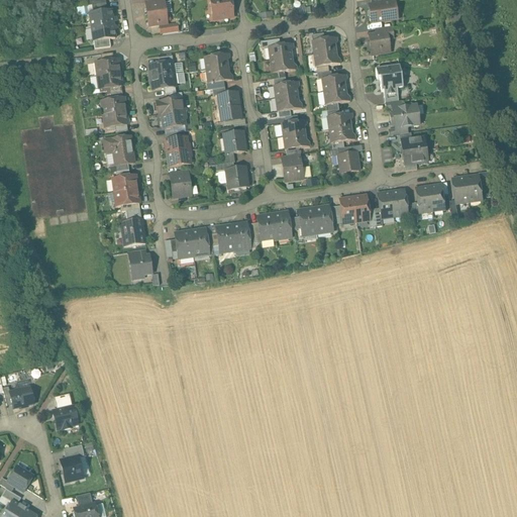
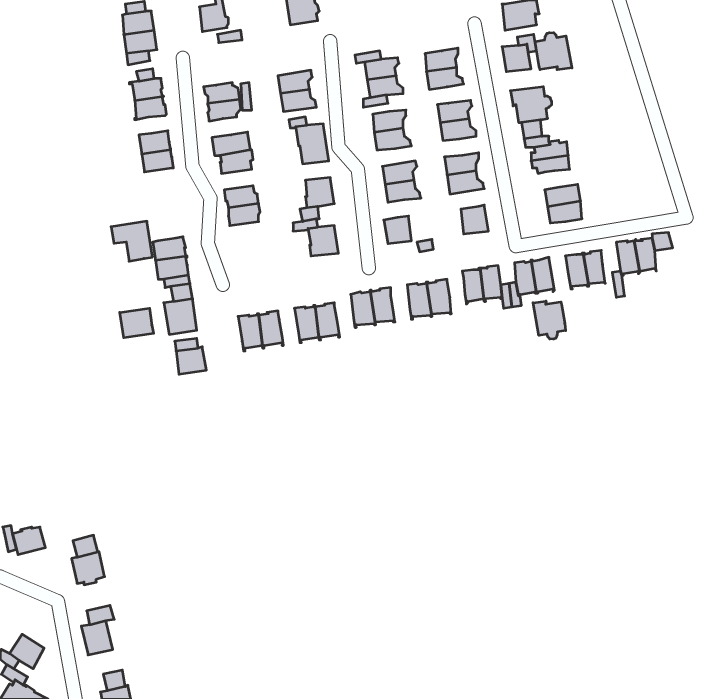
building: none -> [535,33,572,70]
building: [103,135,133,165] -> [111,221,152,261]
building: [170,170,191,196] -> none
building: none -> [533,301,566,339]
building: none -> [120,308,154,338]

